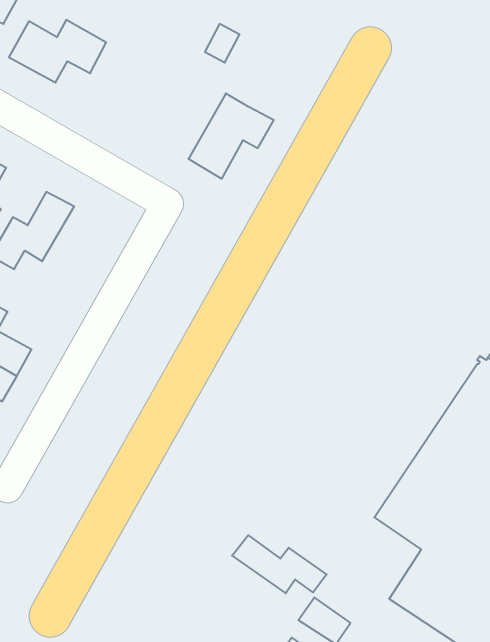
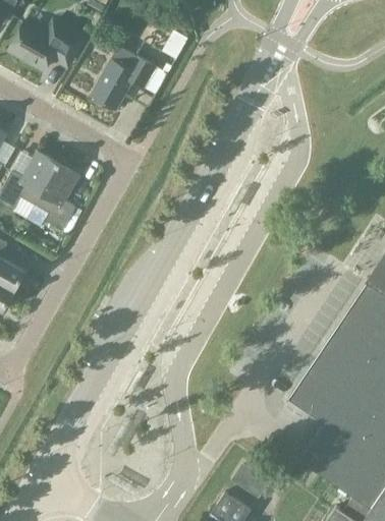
building: [188,93,274,179] -> [91,44,156,109]
building: none -> [35,162,79,229]
building: [232,535,327,593] -> none

